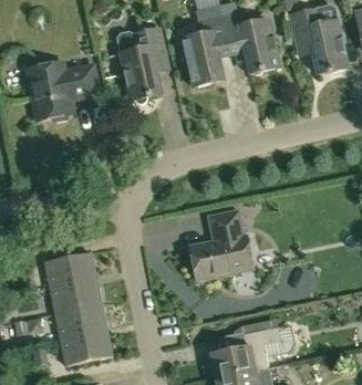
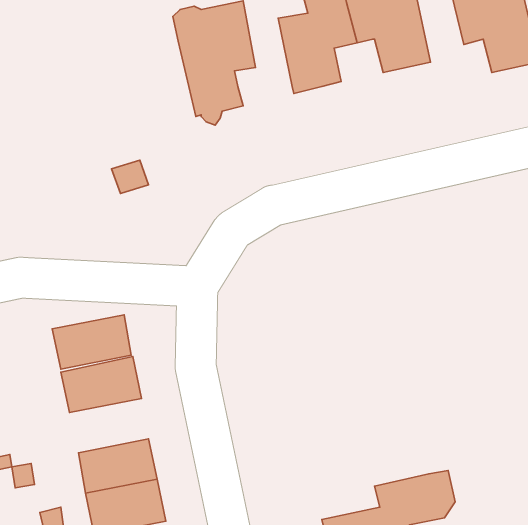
building: [27,61,99,121] -> none
building: [189,209,254,279] -> none
building: [51,278,101,312] -> [52,315,131,369]

